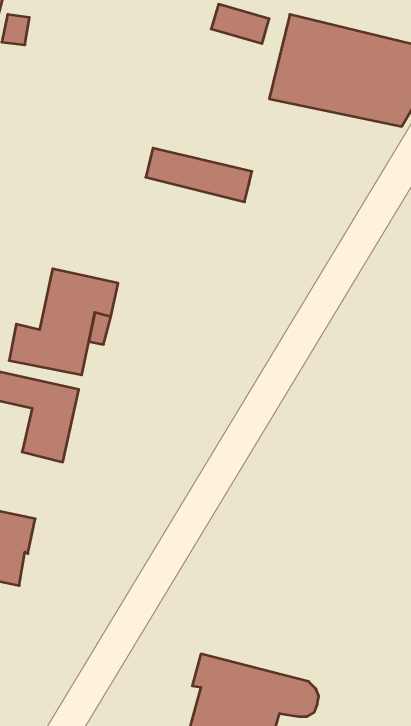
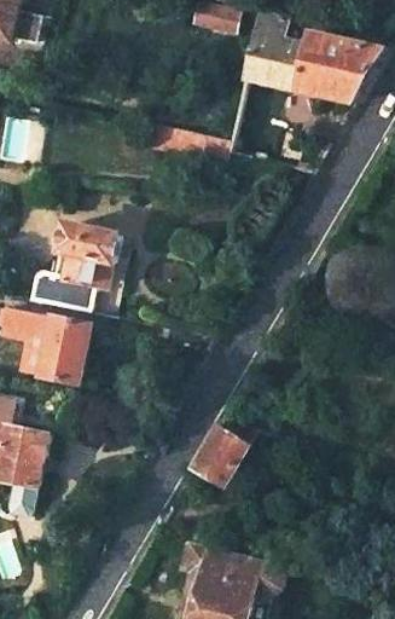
building: none -> [193,421,256,487]

